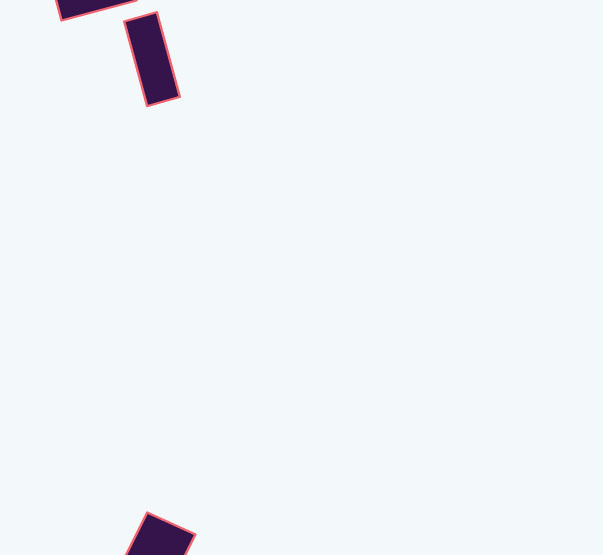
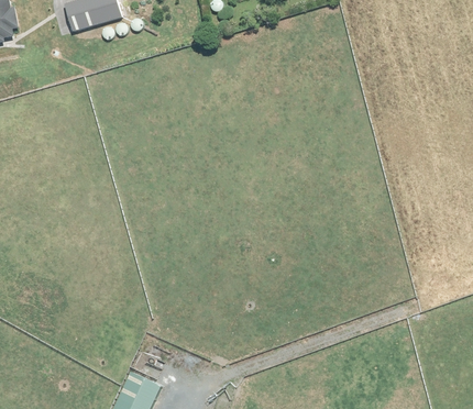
building: [124,12,180,106] -> none

